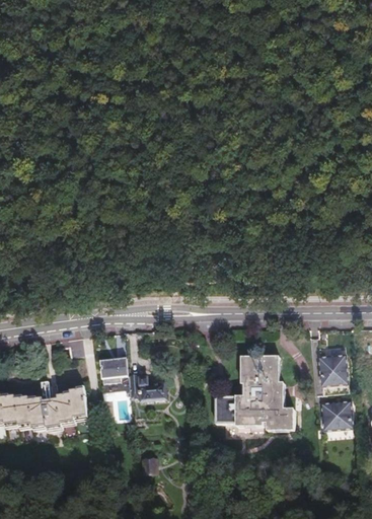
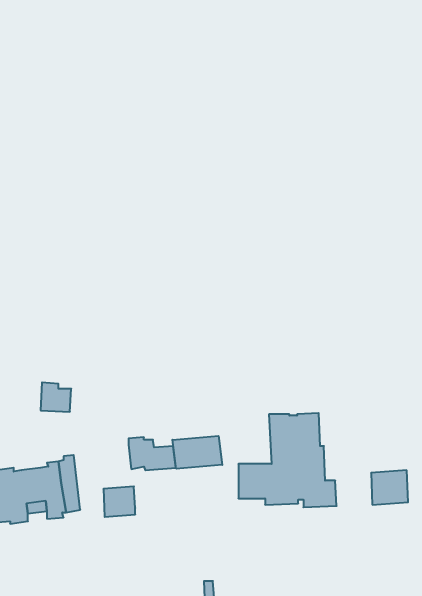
building: [319,352,347,391] -> none
building: [102,357,128,381] -> [103,486,135,517]
building: none -> [172,436,222,469]

